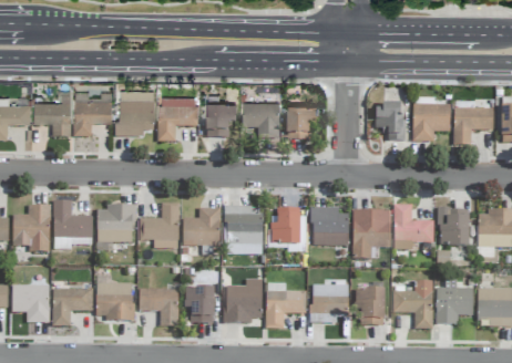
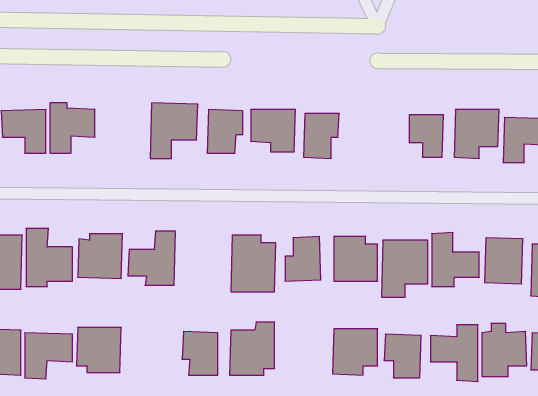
building: [117,89,154,136] -> none
building: [182,208,221,246] -> none
building: [265,282,306,329] -> none
building: [139,289,178,325] -> none

